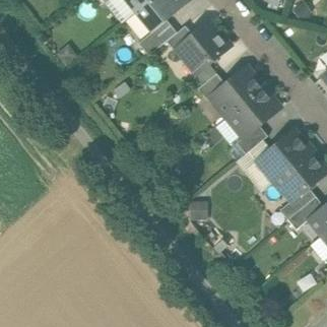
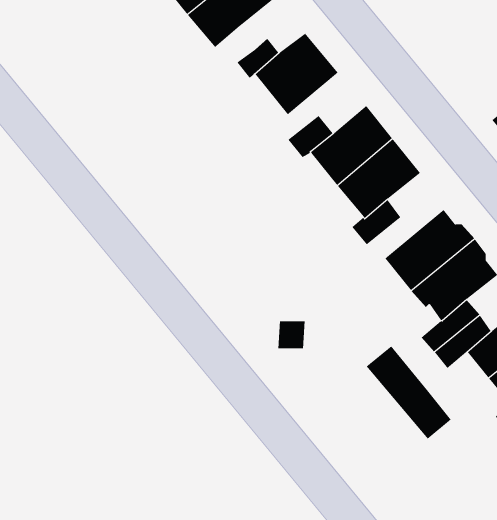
building: [138,20,177,56] -> none
building: none -> [366,345,451,440]

